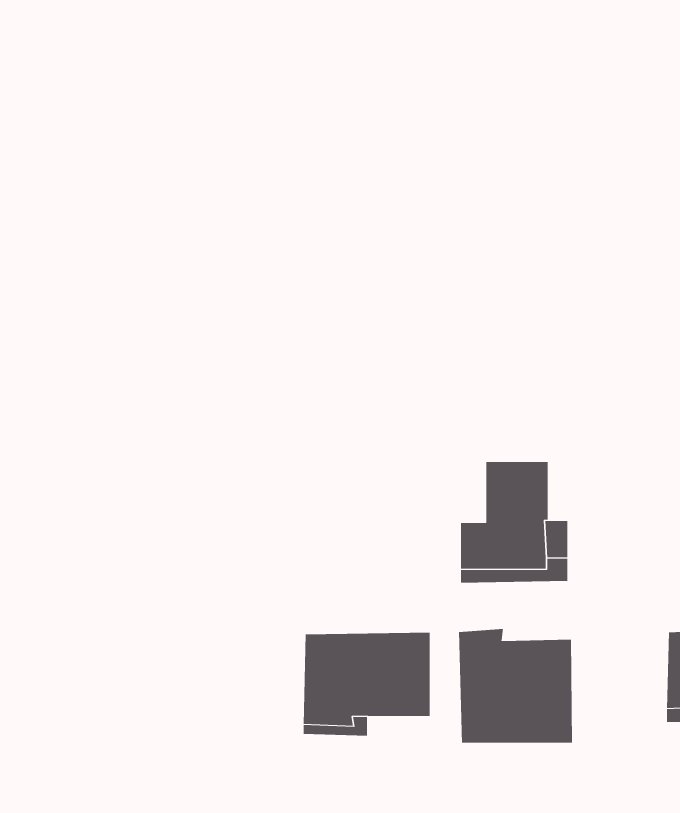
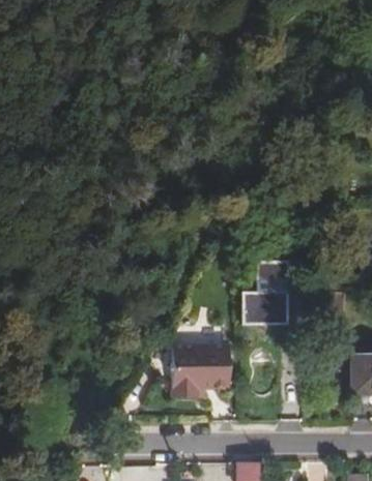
building: [459,628,573,743] -> none

